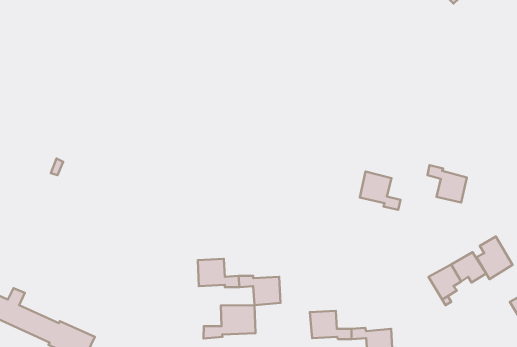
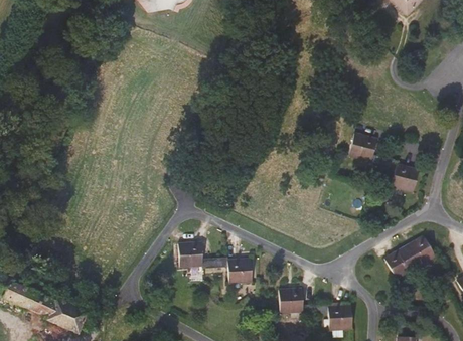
building: [360,172,400,210] -> [348,133,384,167]
building: [476,236,512,279] -> none
building: [204,305,256,338] -> none

